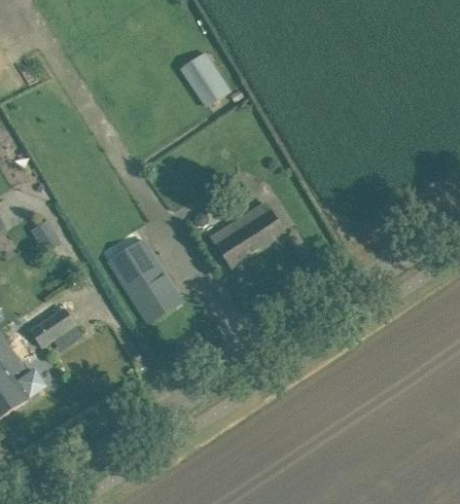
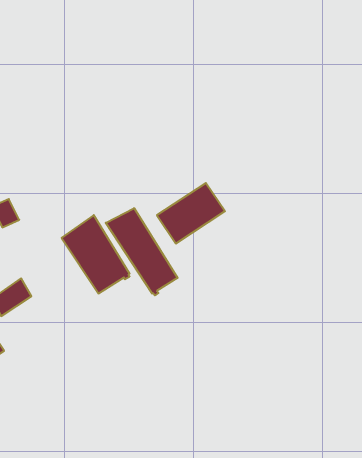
building: [179,51,232,108] -> none
building: none -> [106,208,178,295]

